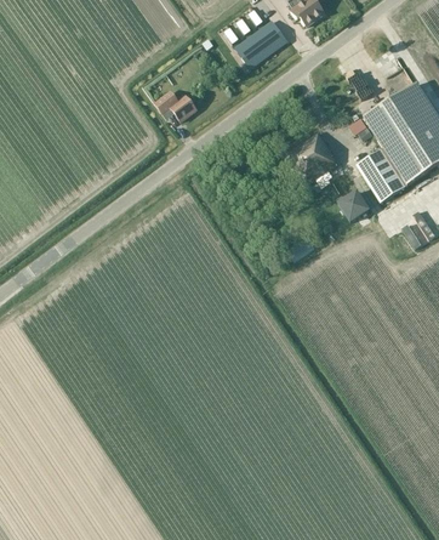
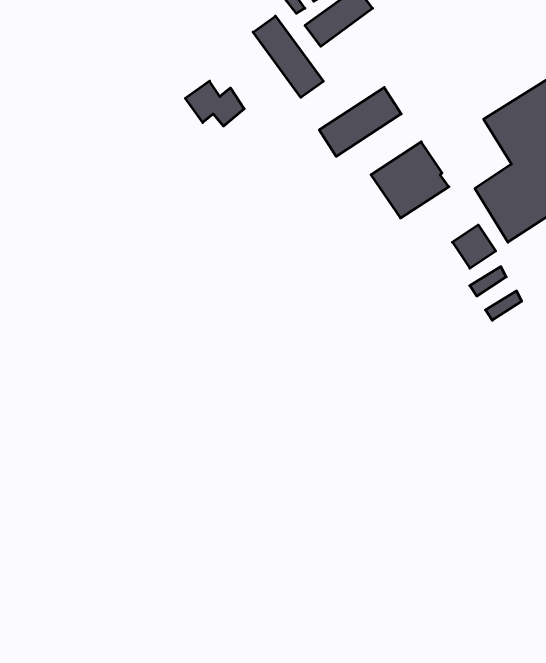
building: none -> [253,16,323,97]
building: none -> [319,87,401,156]

